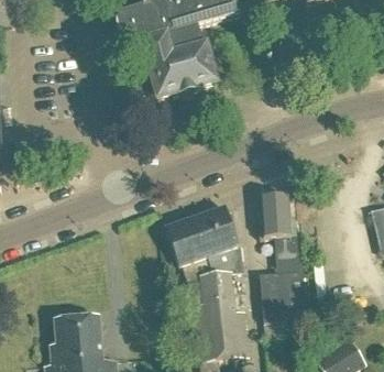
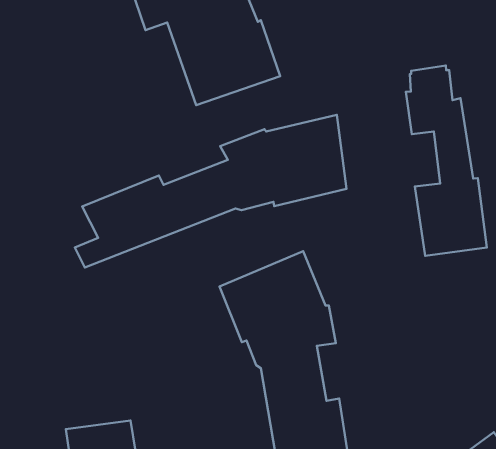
building: none -> [75,115,347,268]
building: [257,190,307,321] -> [406,66,487,256]

